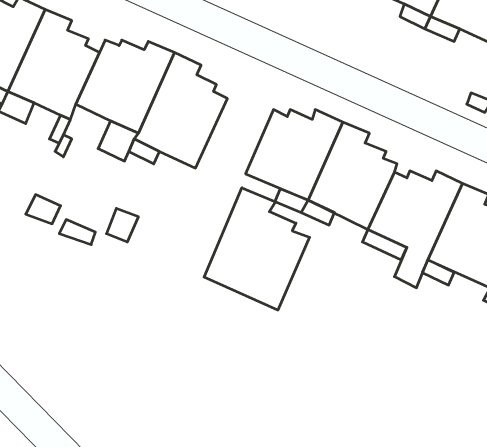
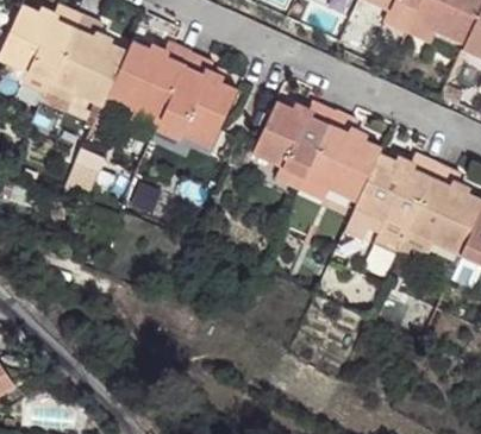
building: [204,188,310,310] -> none

